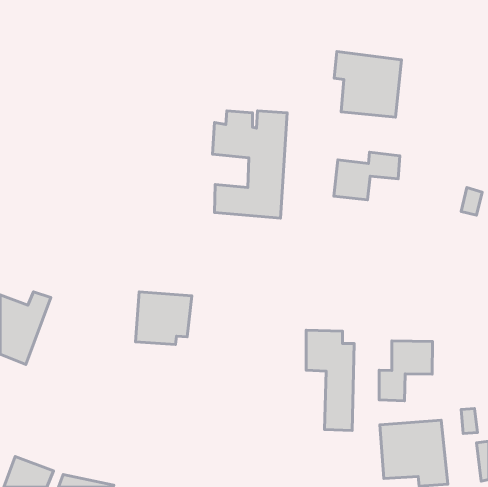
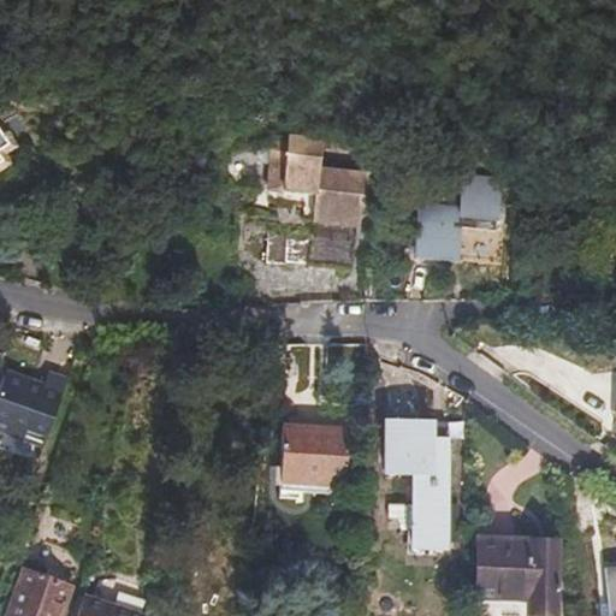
building: [334,51,401,117] -> none
building: [135,292,192,345] -> [279,425,350,491]
building: [379,341,432,401] -> none

